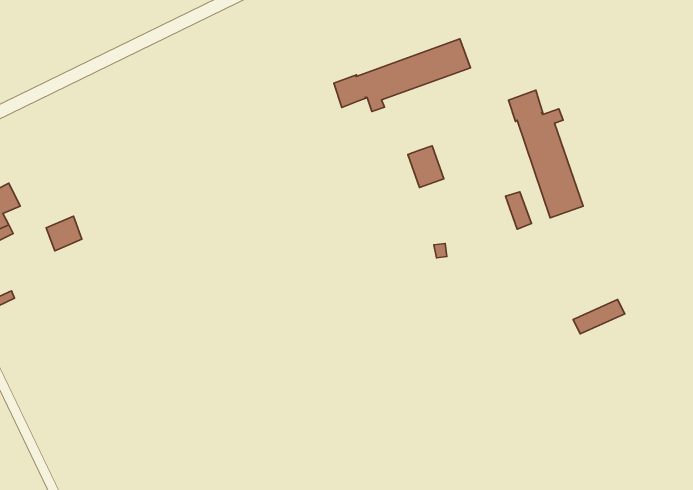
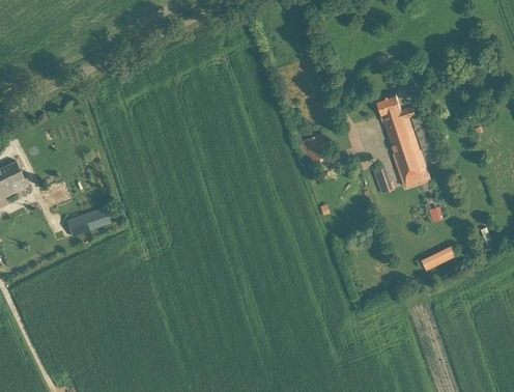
building: [334,39,470,111] -> none
building: none -> [65,207,110,236]

